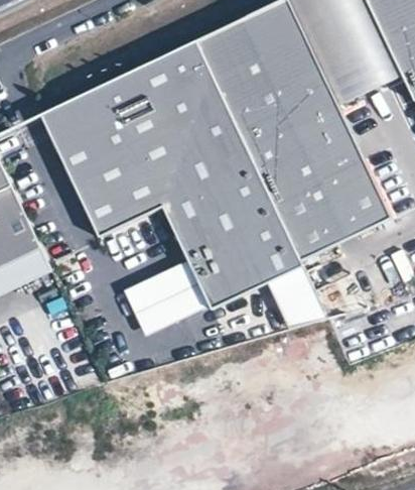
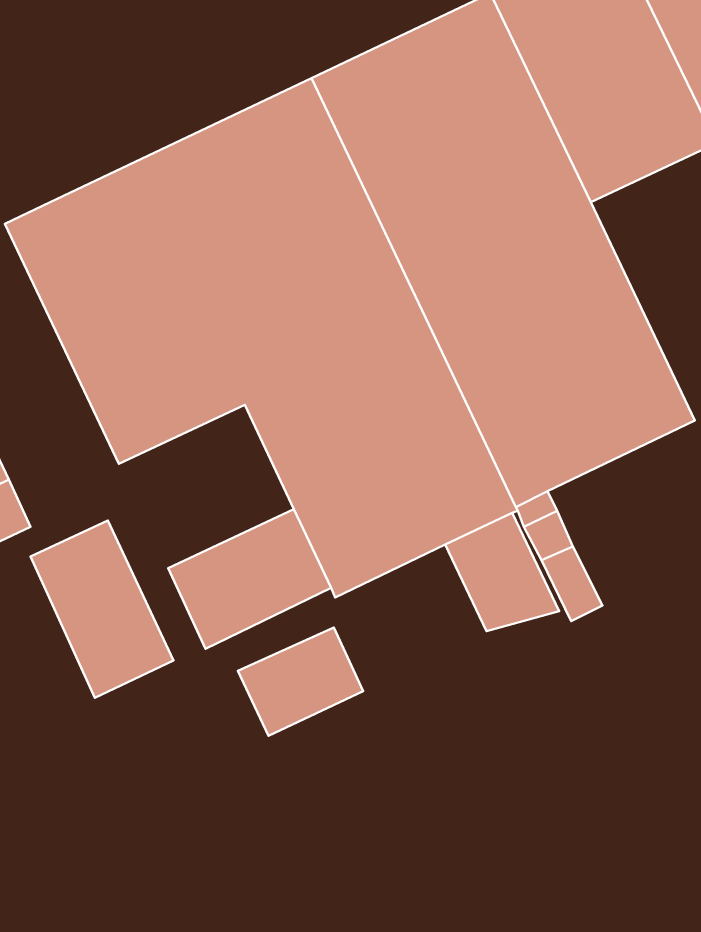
building: none -> [30,521,173,698]
building: none -> [238,628,363,736]

